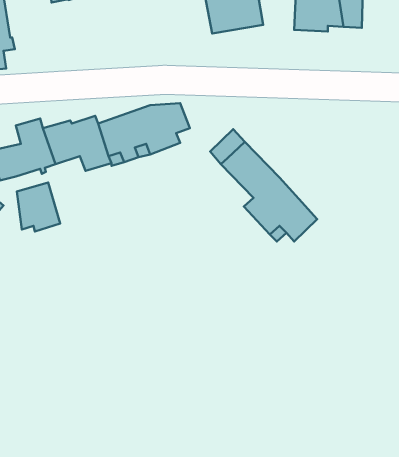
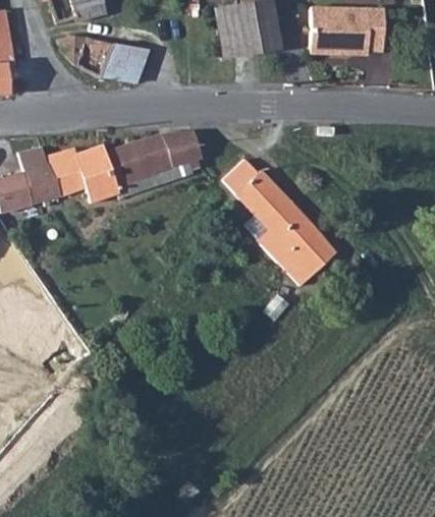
building: none -> [57,34,147,82]
building: [17,182,60,231] -> none

